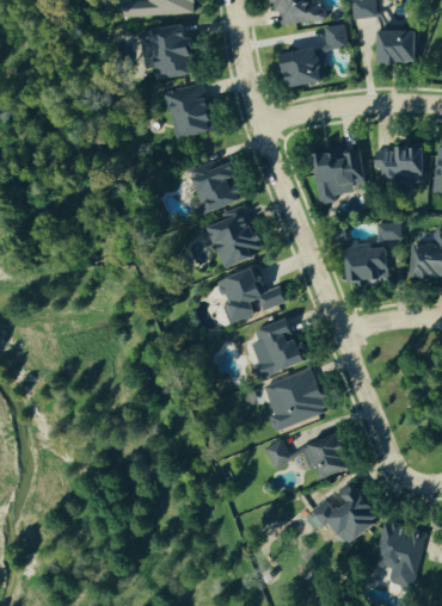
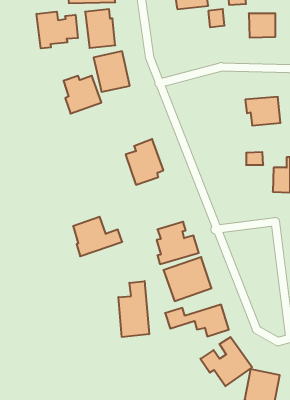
building: none -> [37,12,78,48]
building: [282,45,324,87] -> none
building: [314,149,362,203] -> none
building: [191,161,244,214] -> [63,76,101,114]
building: [345,242,389,284] -> none
building: [216,267,284,322] -> [73,217,122,256]
building: none -> [118,281,149,337]

